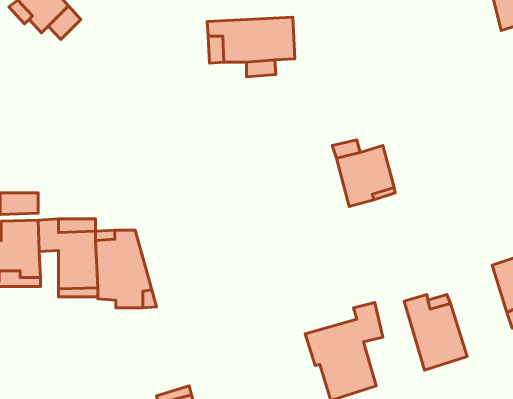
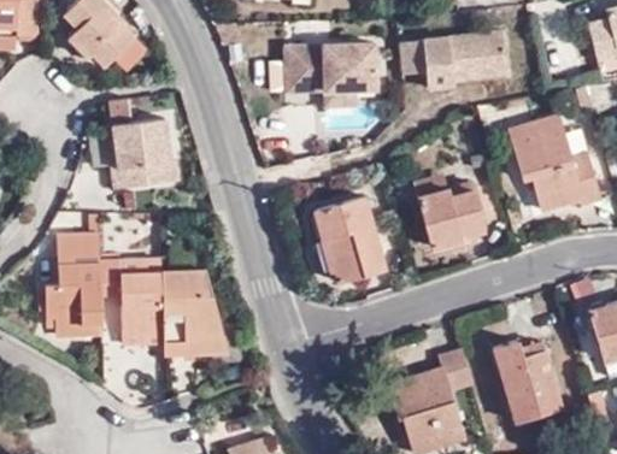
building: none -> [399,33,507,89]
building: none -> [510,117,598,211]
building: none -> [112,119,177,189]
building: none -> [311,199,382,282]

